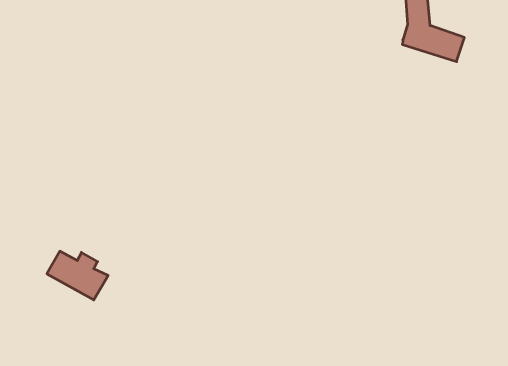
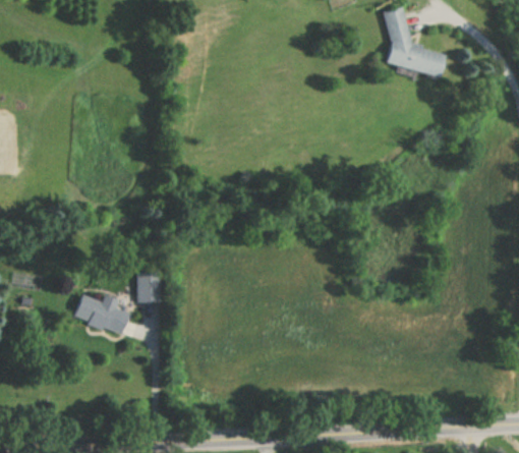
building: none -> [137,271,160,301]

